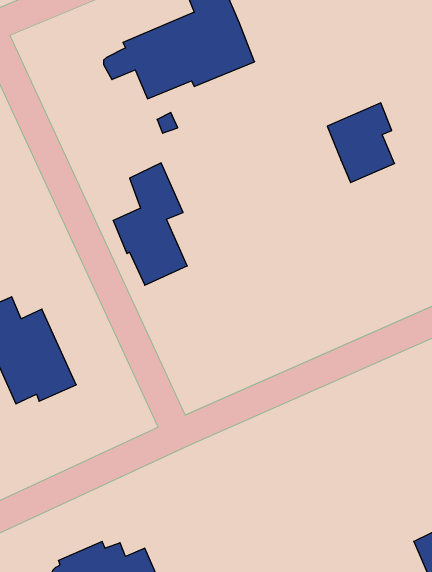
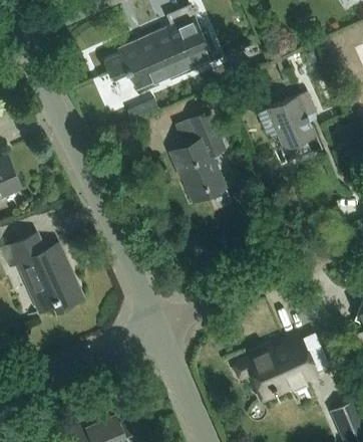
building: [113,163,187,285] -> [171,114,226,203]
building: none -> [246,339,329,396]

